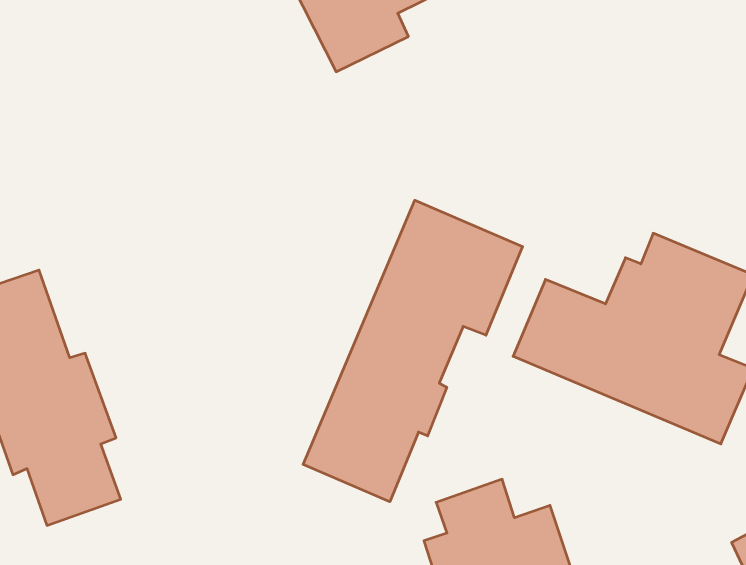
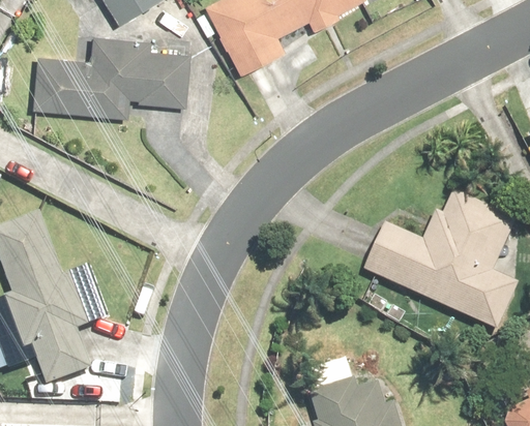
building: none -> [27,42,192,119]
building: [303,200,523,502] -> none

